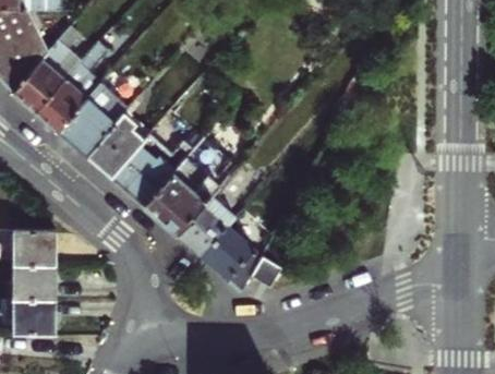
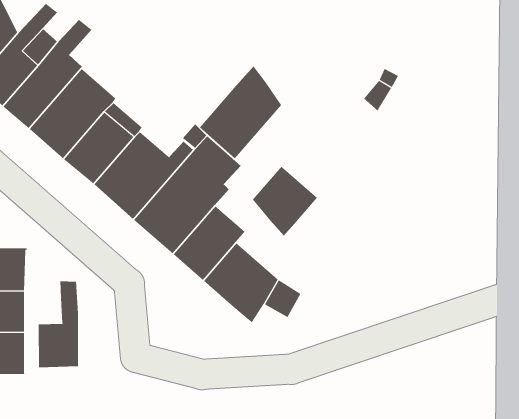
building: none -> [199,66,282,159]
building: none -> [252,166,318,236]
building: none -> [38,281,79,368]

